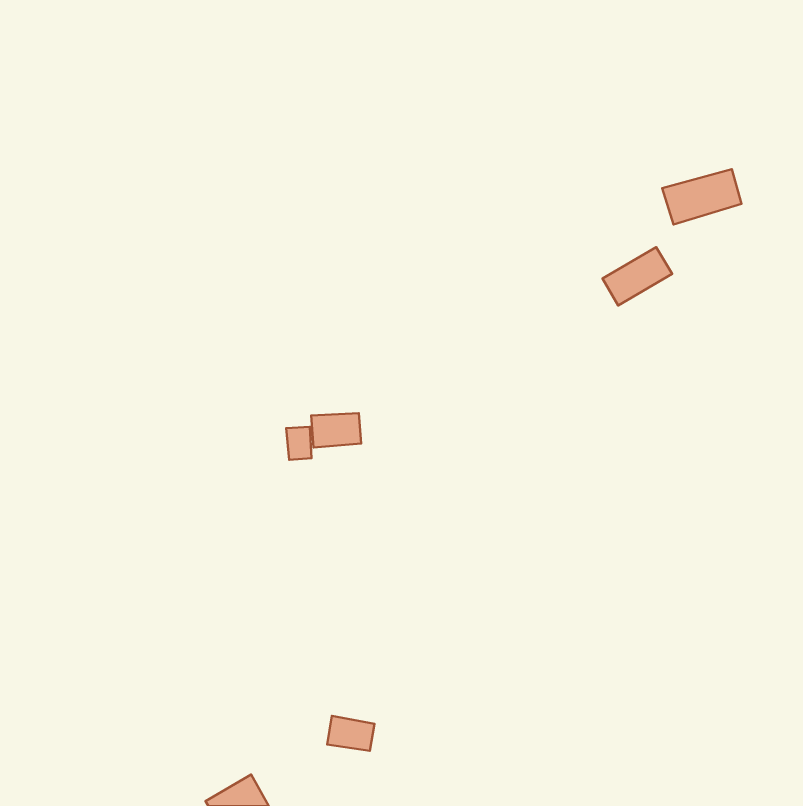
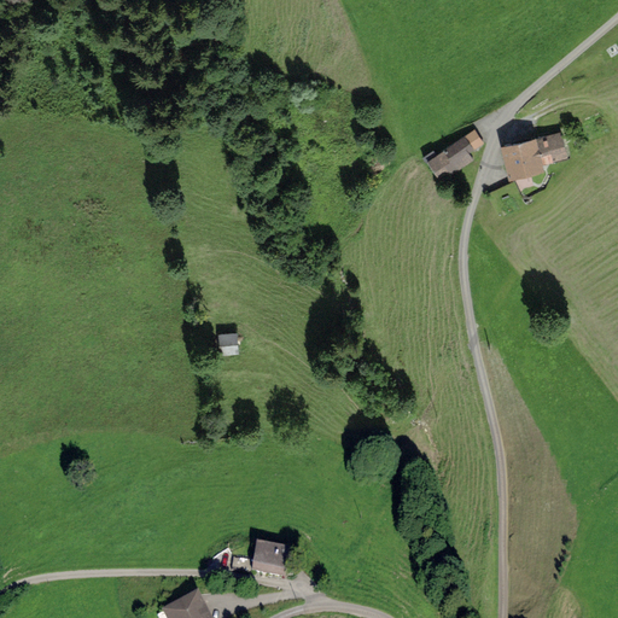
building: [602,247,672,306] -> [426,138,479,182]
building: [311,413,361,447] -> none

